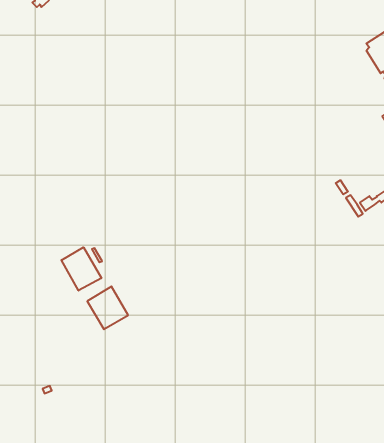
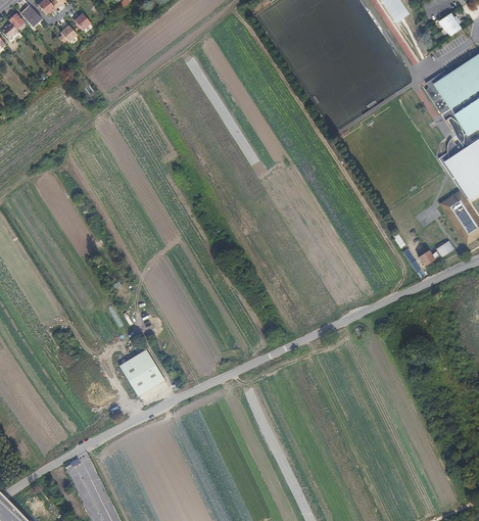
building: [61,247,101,291] -> none

